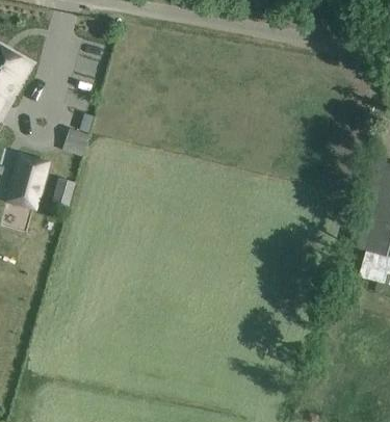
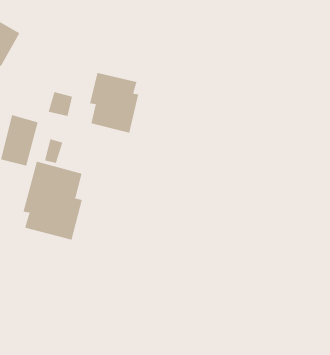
building: none -> [90,72,139,133]
building: none -> [23,161,83,240]

